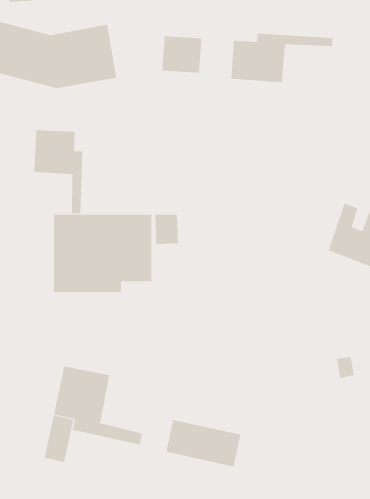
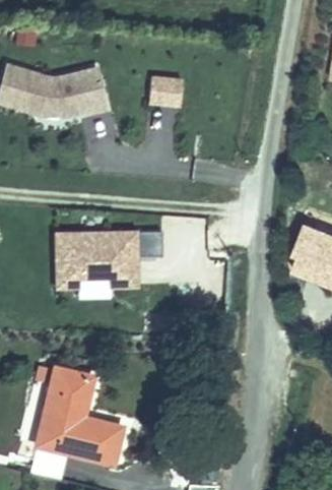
building: [231,33,333,83] -> none
building: [34,130,83,214] -> none
building: [166,419,241,467] -> [61,420,127,462]

